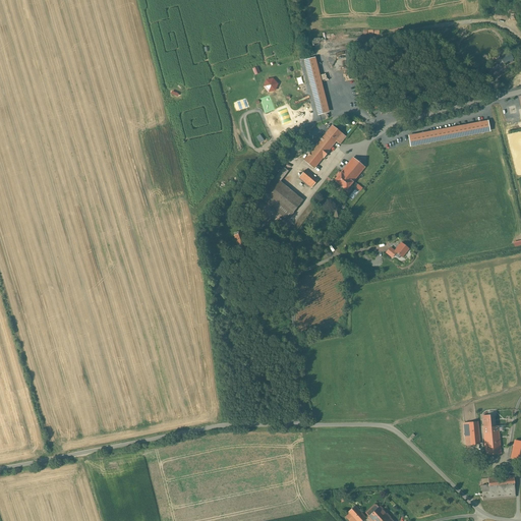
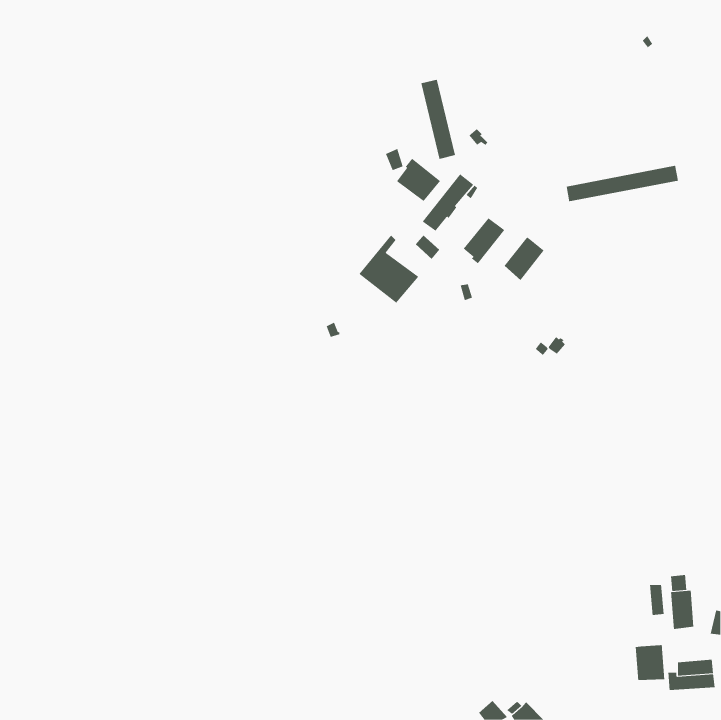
building: none -> [396,158,441,202]
building: none -> [504,237,545,281]
building: none -> [635,644,665,681]

